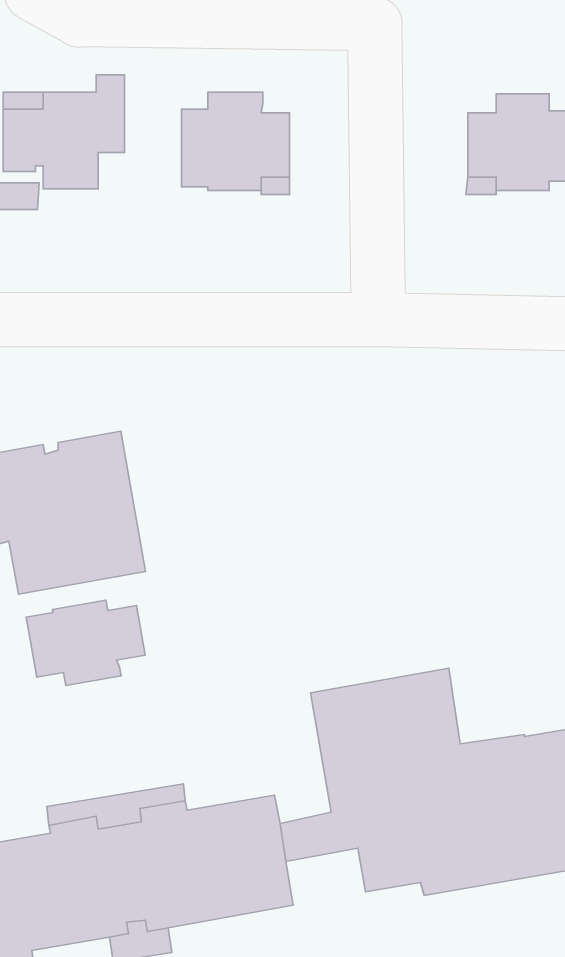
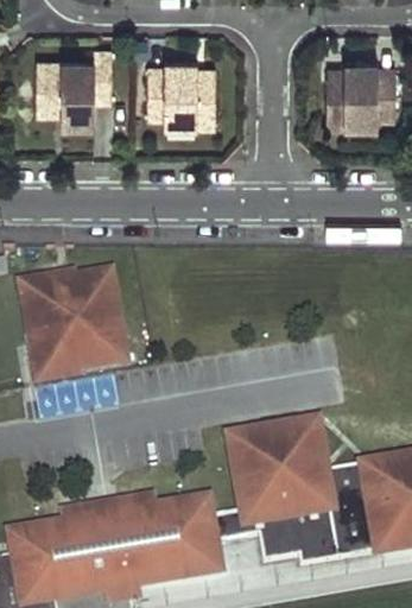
building: [26,600,145,686] -> none

